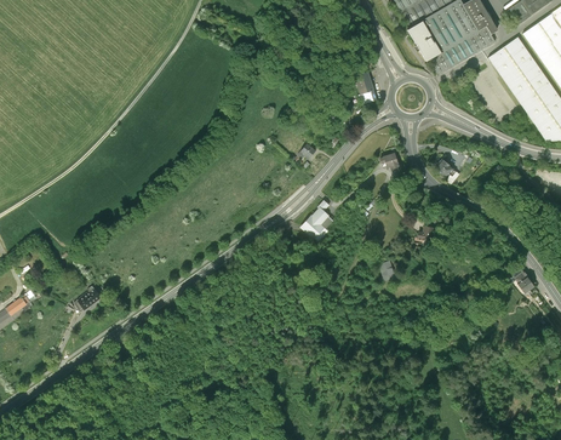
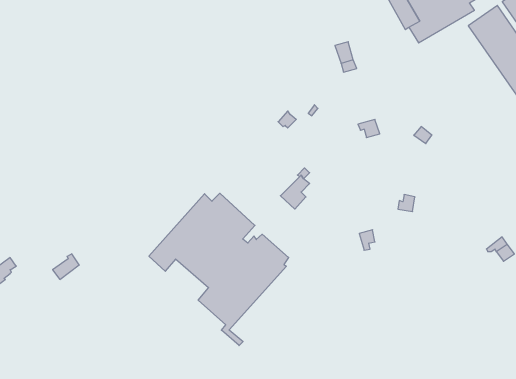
building: none -> [149,193,289,346]

